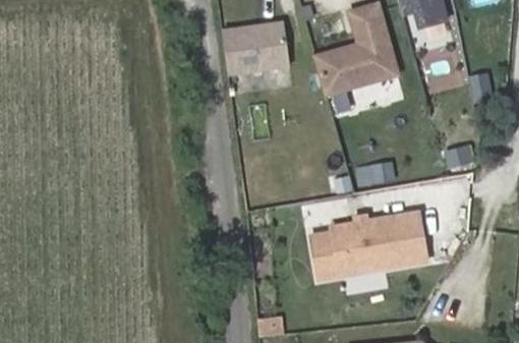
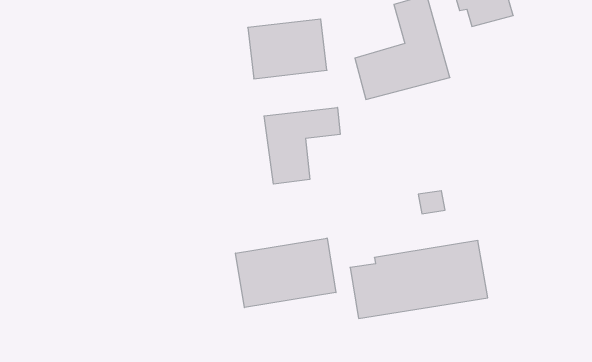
building: none -> [264,107,340,184]
building: none -> [236,238,336,308]

